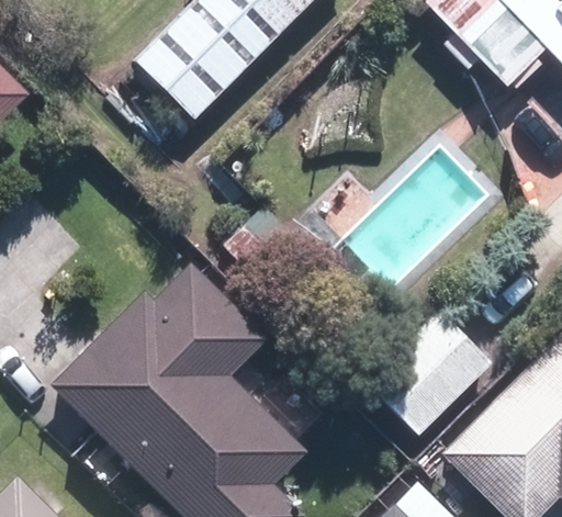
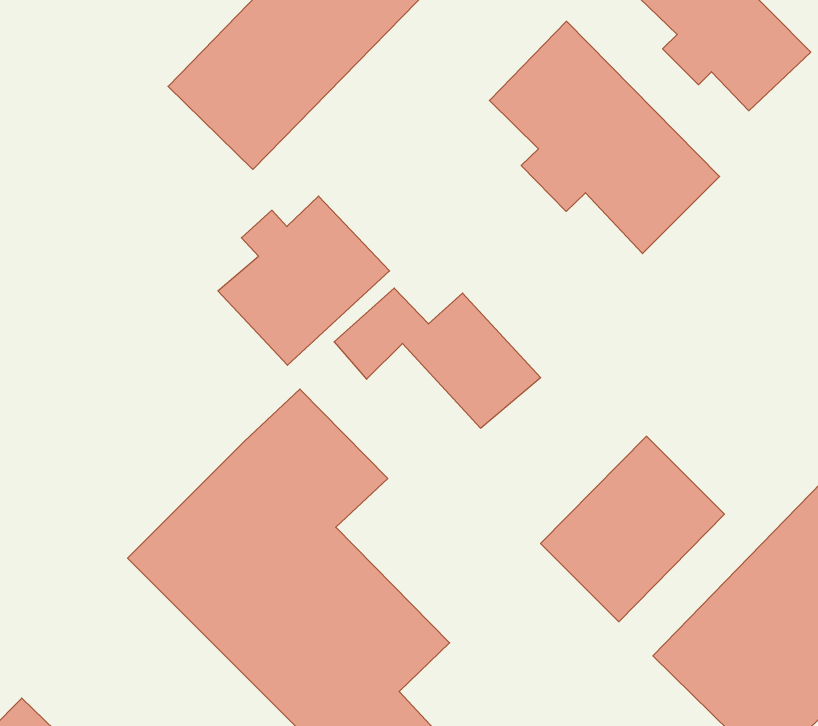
building: none -> [489,21,720,254]
building: none -> [218,196,390,365]

